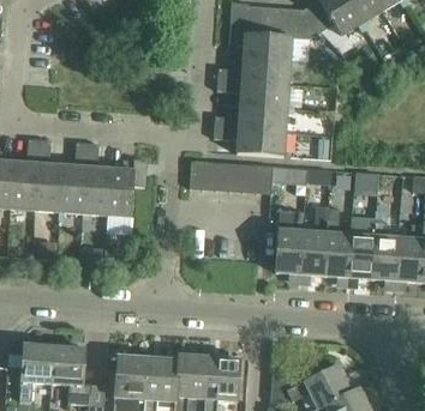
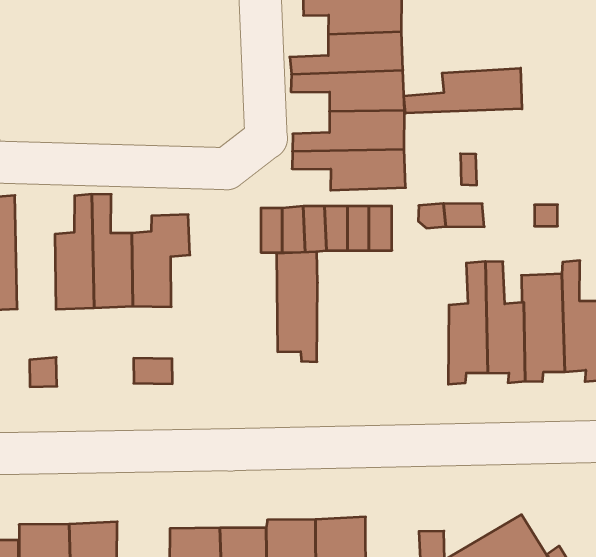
building: none -> [404,68,522,113]
building: [34,139,61,212] -> none
building: [274,211,304,280] -> [276,252,318,362]

